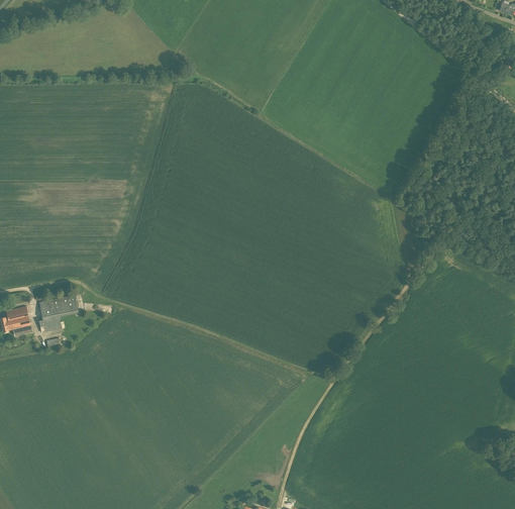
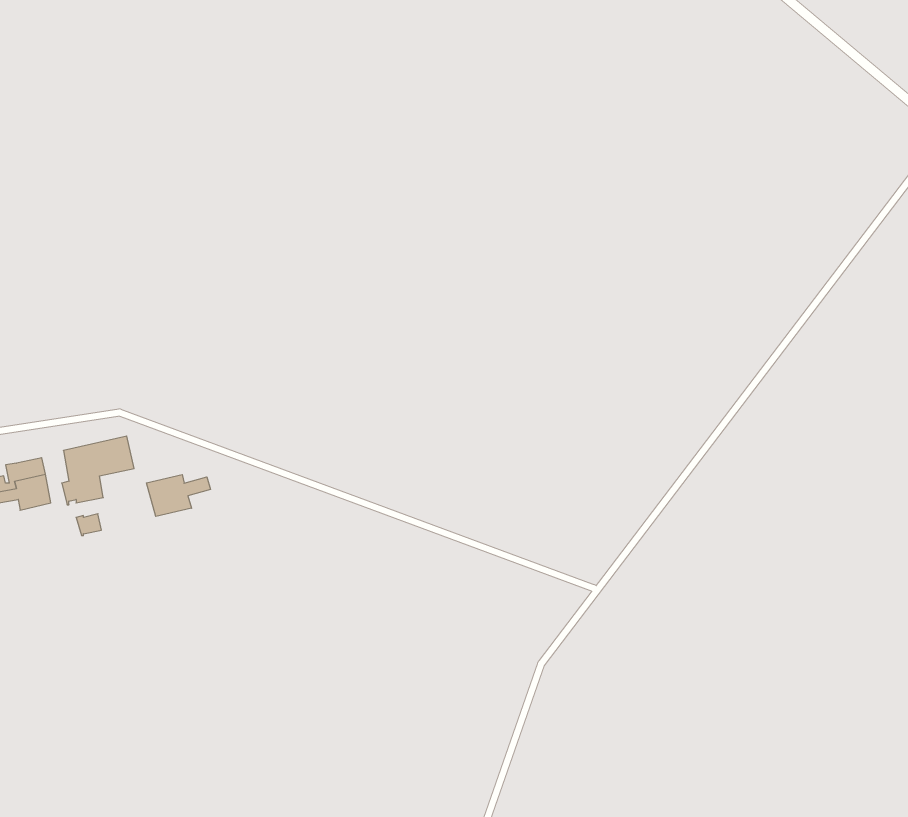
building: none -> [146,475,210,516]

